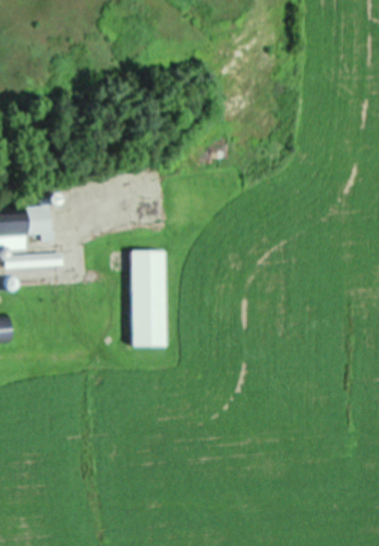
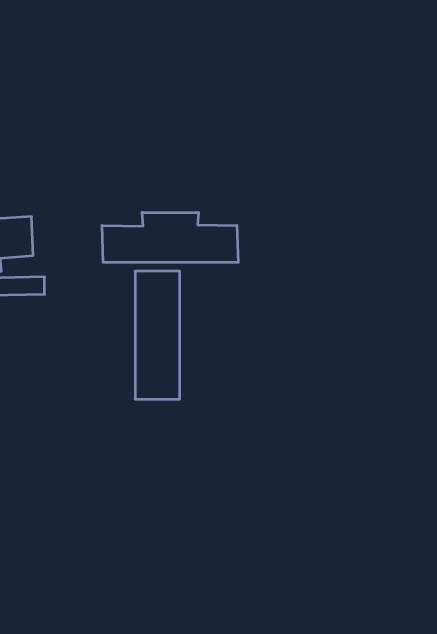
building: none -> [102,212,238,262]

